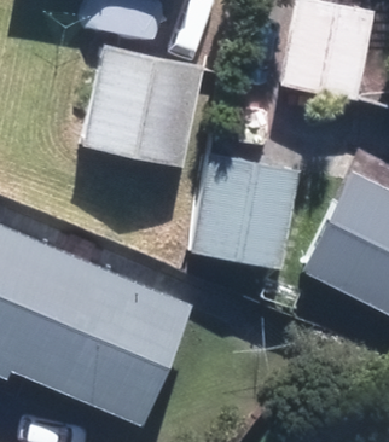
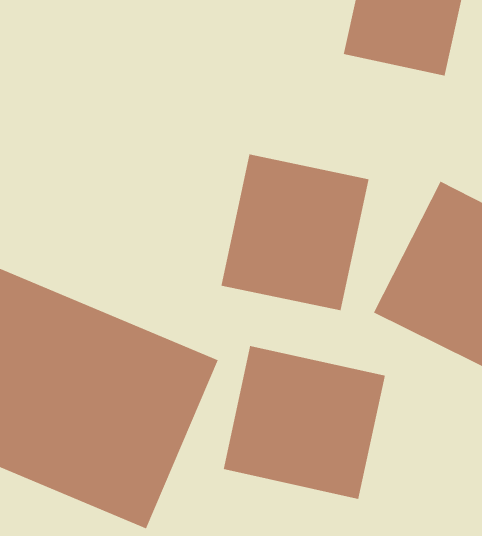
building: [82,50,202,170] -> none
building: none -> [223,345,386,500]

